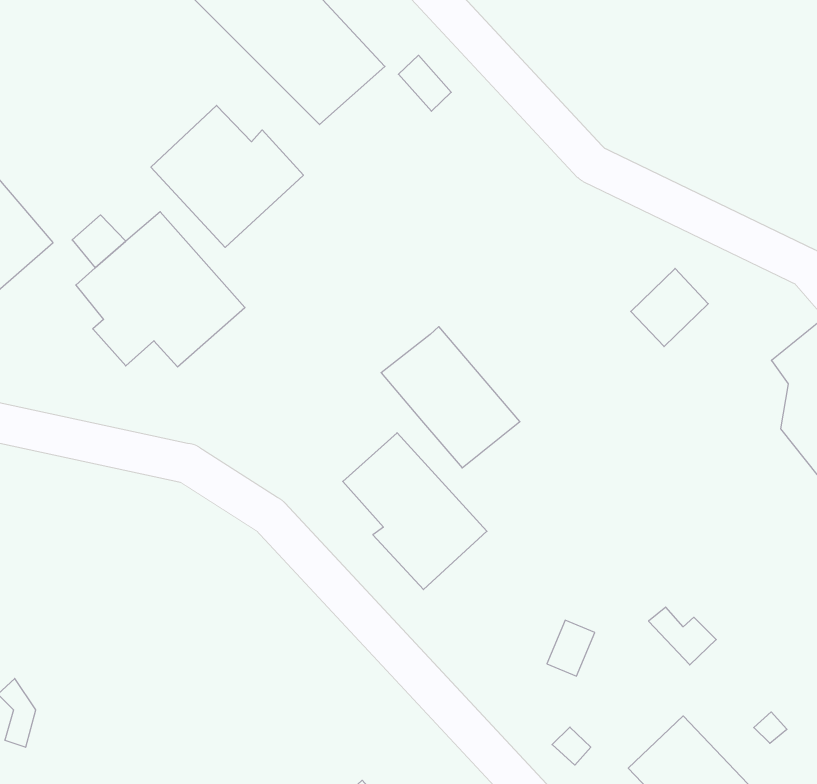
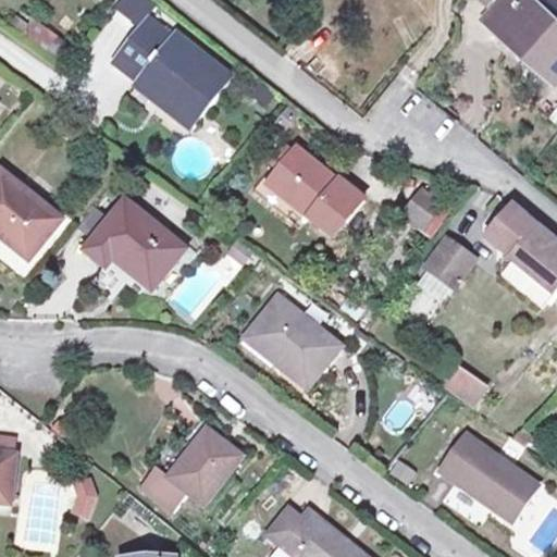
building: [151,105,303,247] -> none
building: [381,327,520,468] -> [271,149,357,230]
building: none -> [421,225,478,282]
building: none -> [144,429,240,510]

